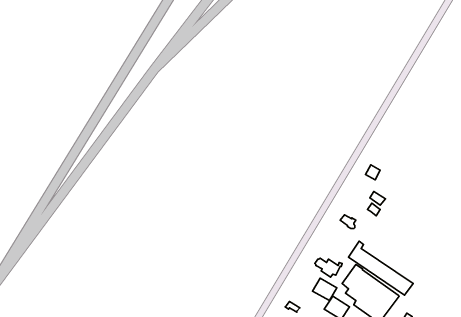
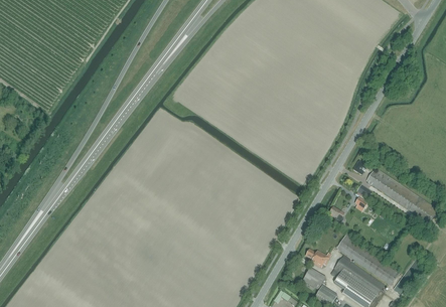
building: none -> [365,168,437,222]

